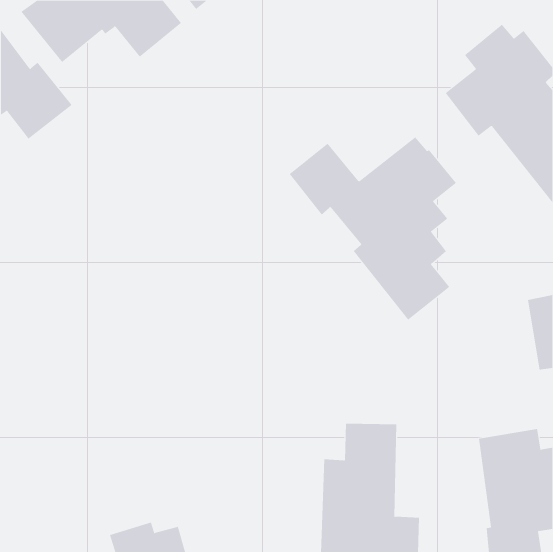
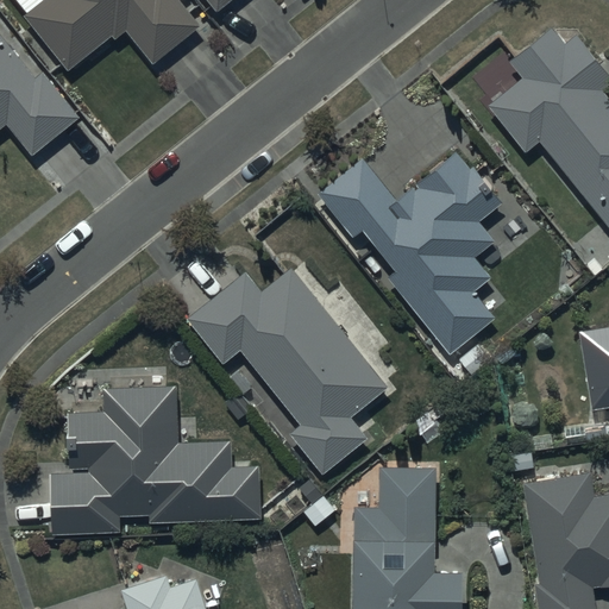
building: none -> [187,268,387,473]
building: none -> [50,387,260,534]

